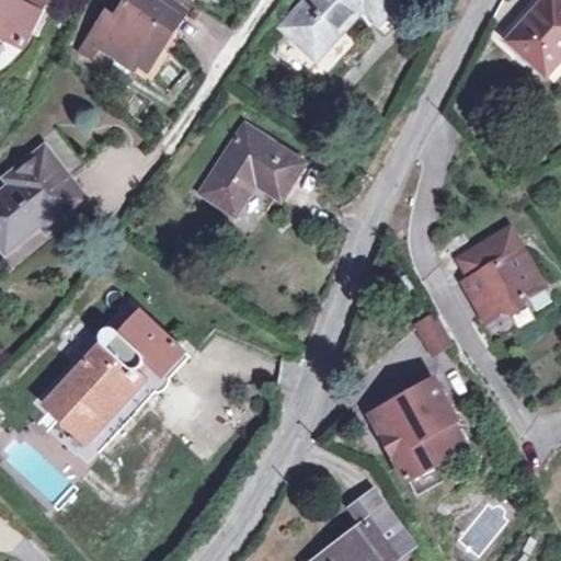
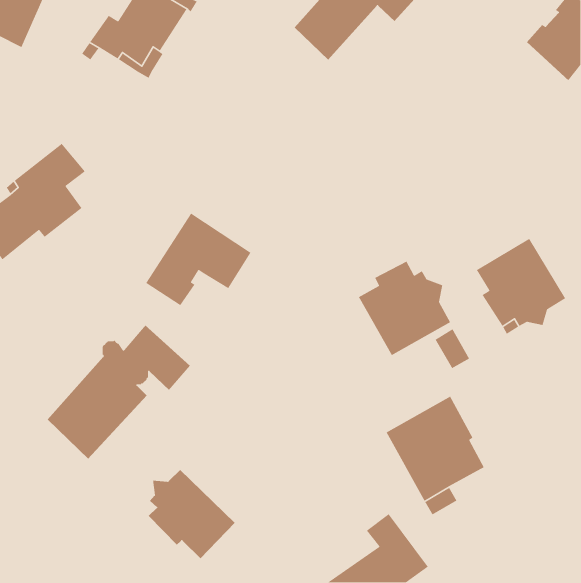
building: [198,125,300,215] -> [145,212,251,306]
building: none -> [358,261,451,356]
building: none -> [148,469,235,559]

